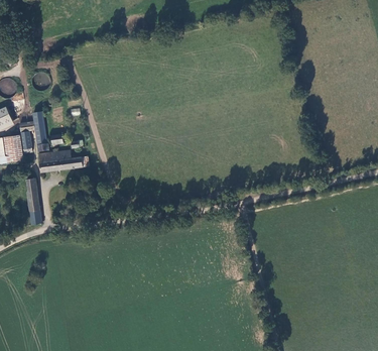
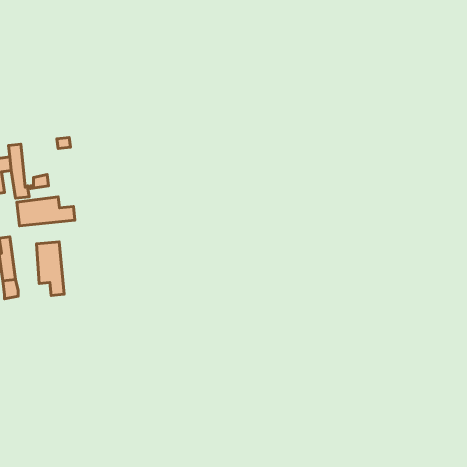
building: none -> [37,242,64,296]

